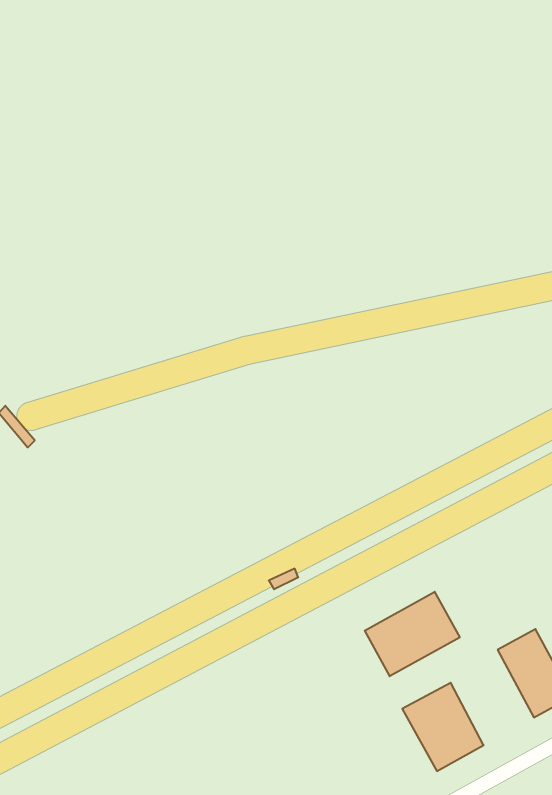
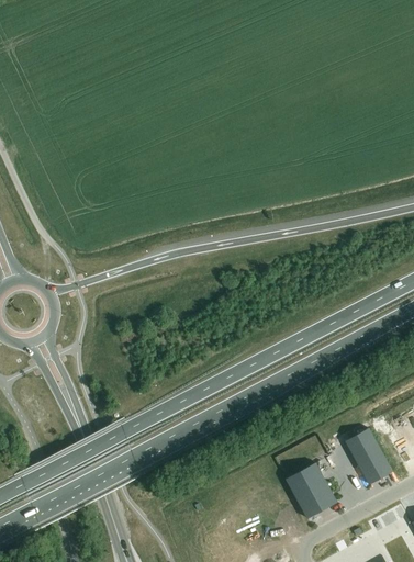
building: [365,592,460,676] -> none

